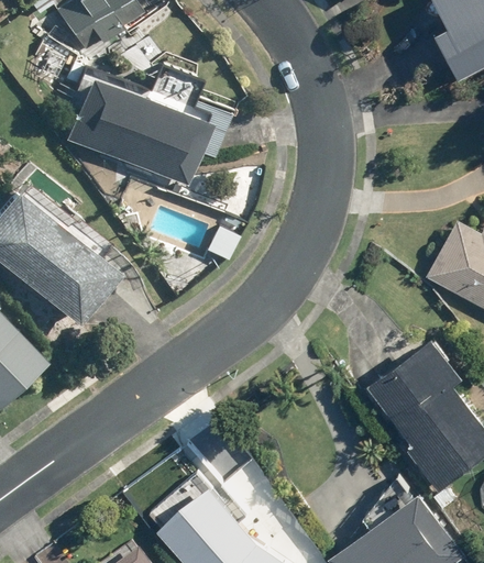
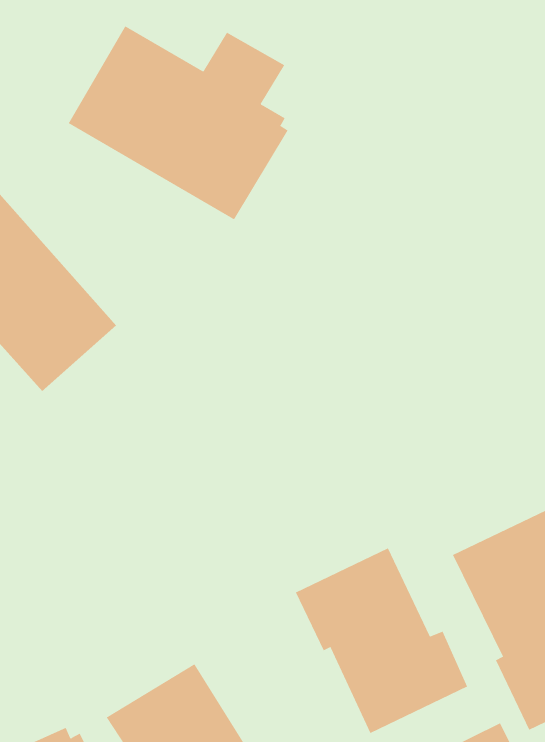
building: none -> [295,547,468,734]

